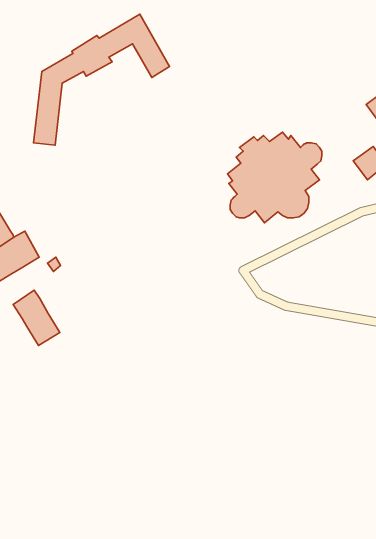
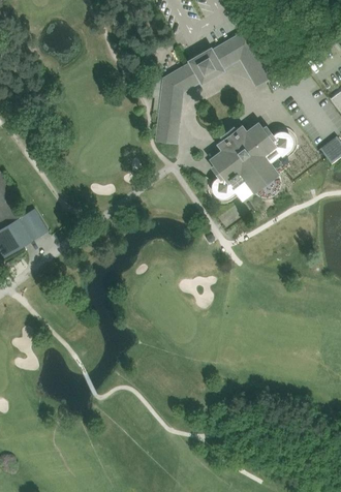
building: [34,14,170,145] -> [155,29,273,143]
building: [13,290,60,345] -> none

